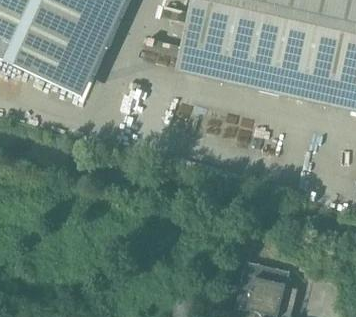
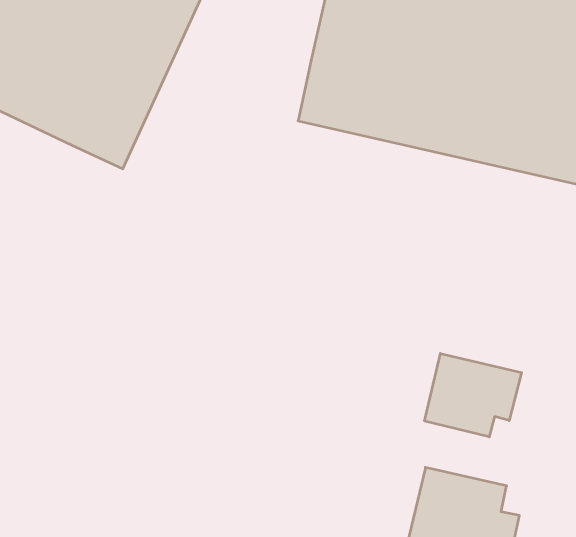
building: none -> [425,353,522,437]

